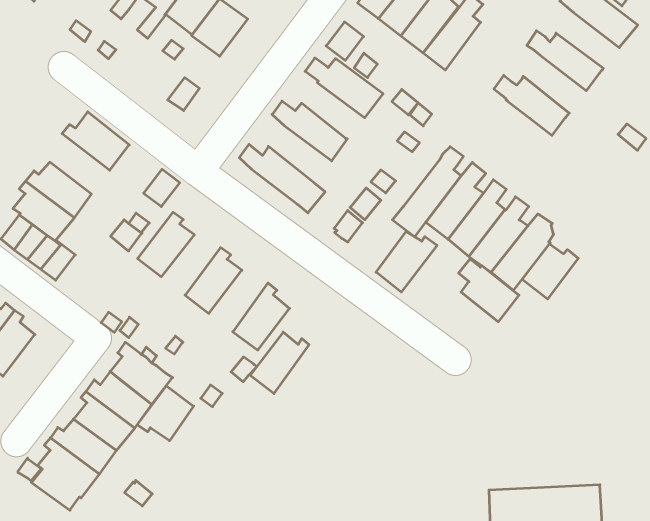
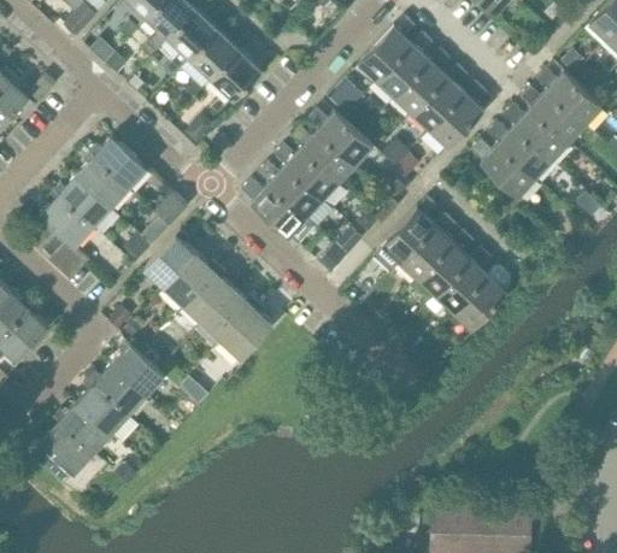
building: none -> [519,88,584,143]
building: none -> [430,83,486,148]
building: none -> [487,123,552,180]
building: none -> [290,127,355,183]
building: none -> [258,163,323,219]
building: none -> [76,154,128,210]
building: [376,232,437,292] -> none
building: none -> [164,254,218,306]
building: [522,244,578,299] -> none
building: [459,259,519,322] -> none
building: [250,332,309,394] -> [202,289,257,342]
building: [137,386,194,441] -> none

